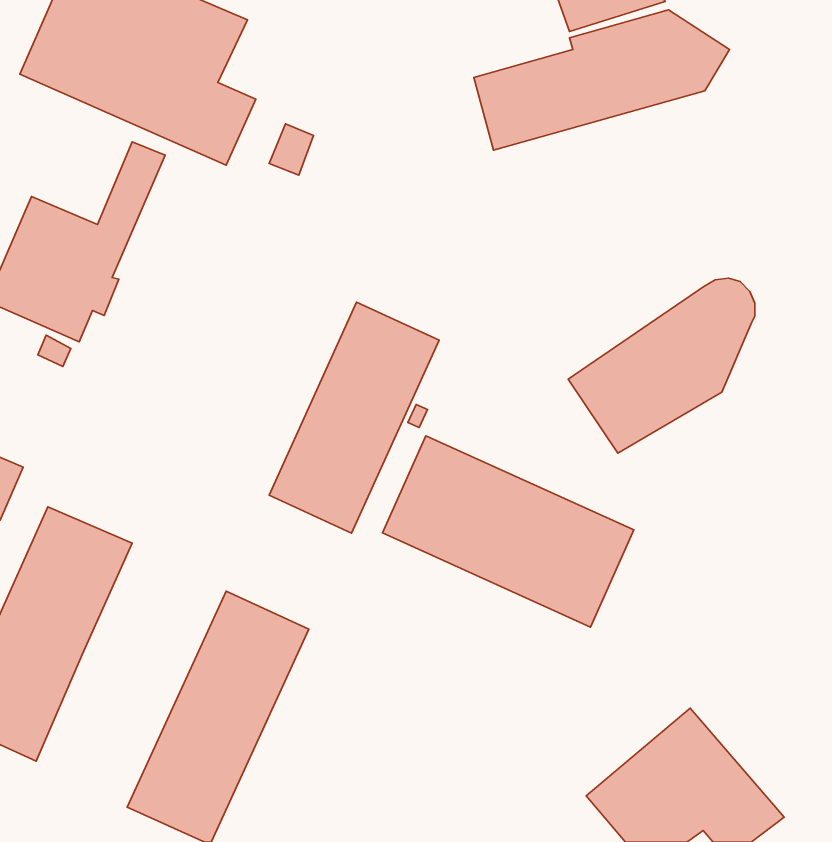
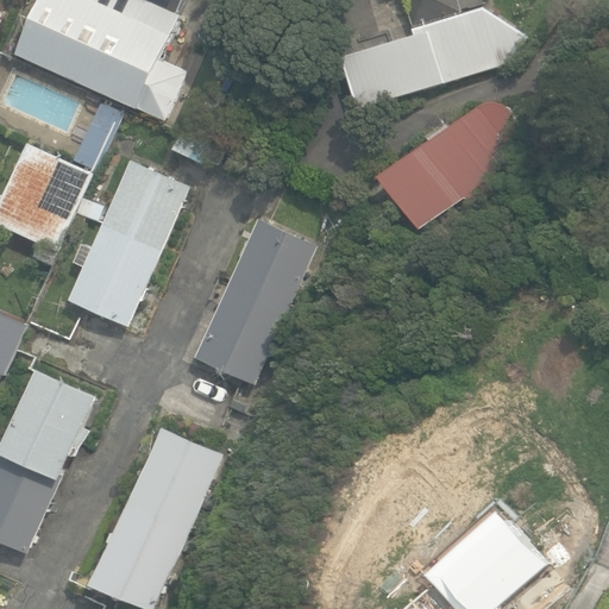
building: none -> [68,158,190,326]
building: [568,278,755,453] -> [381,102,515,228]
building: [382,436,634,627] -> none

